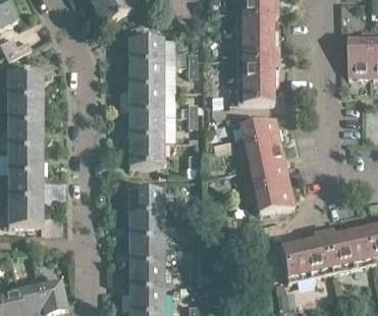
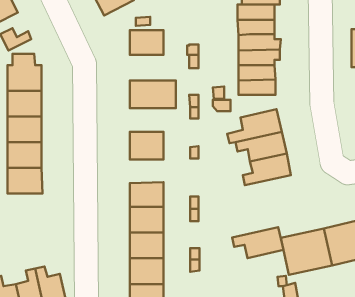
building: [129,63,175,89] -> none
building: [129,116,163,140] -> none
building: [244,182,294,213] -> [232,227,283,258]
building: [8,201,43,226] -> none

